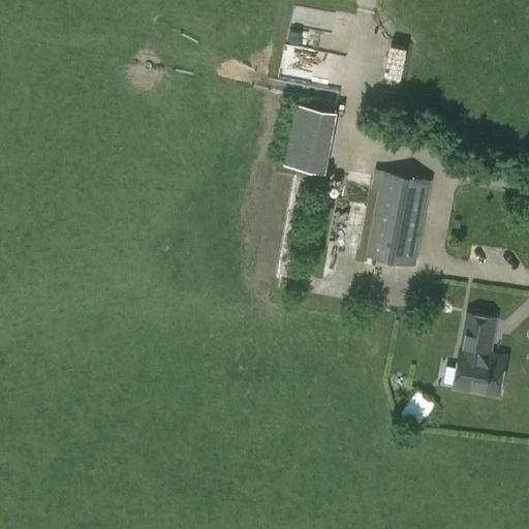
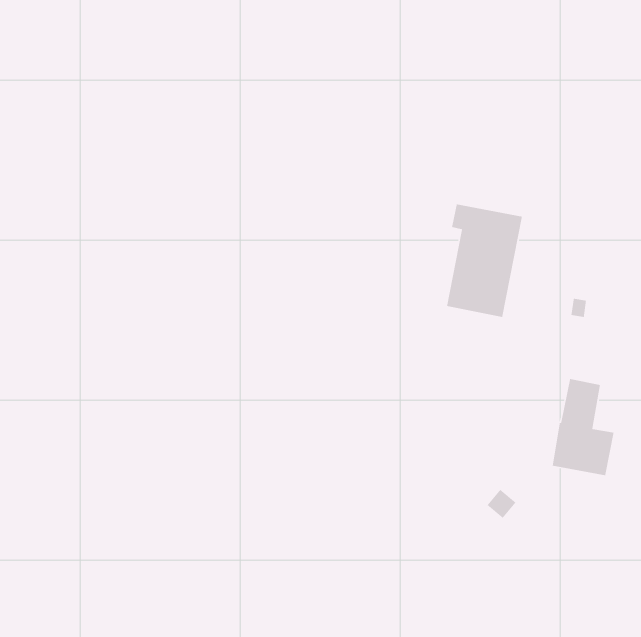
building: [284,106,338,176] -> none

